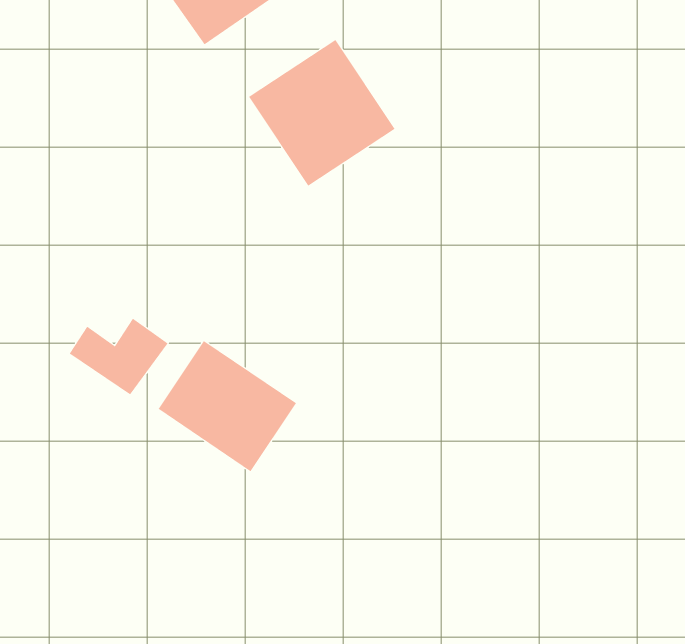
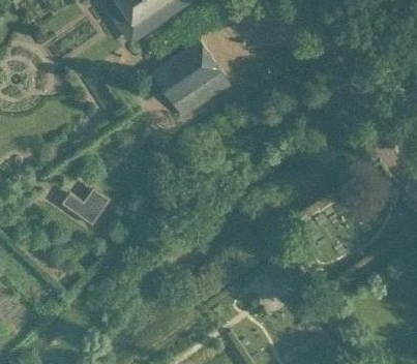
building: [158,340,297,472] -> none

